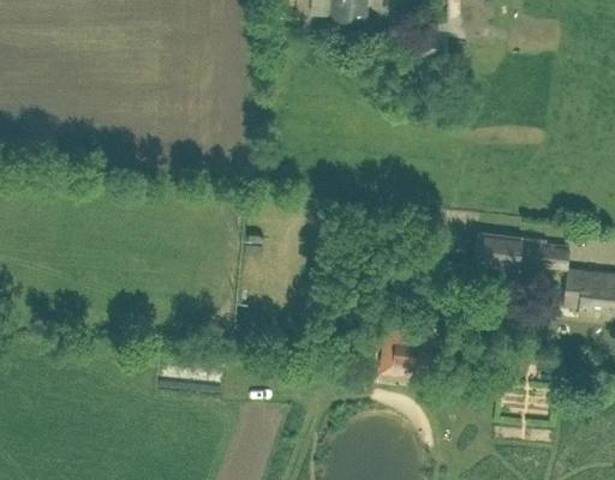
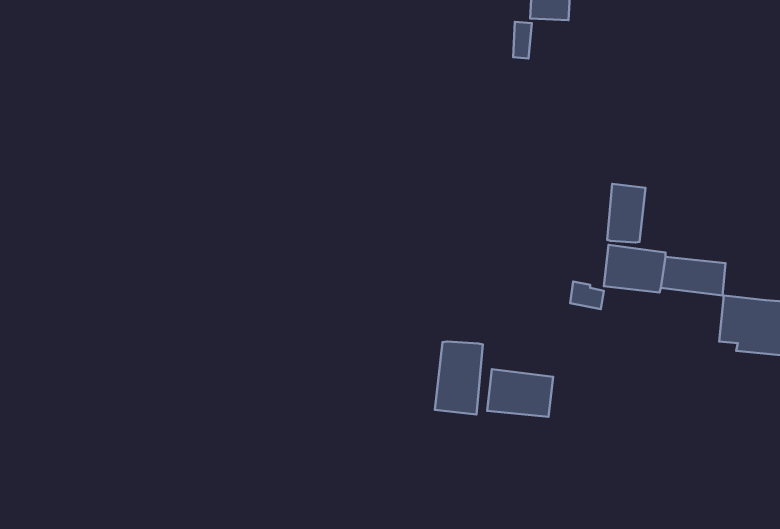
building: none -> [607,184,646,242]
building: none -> [435,342,483,414]

